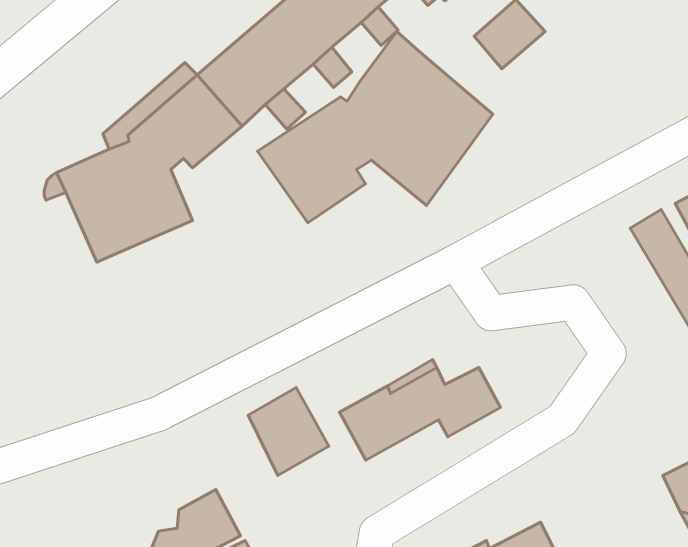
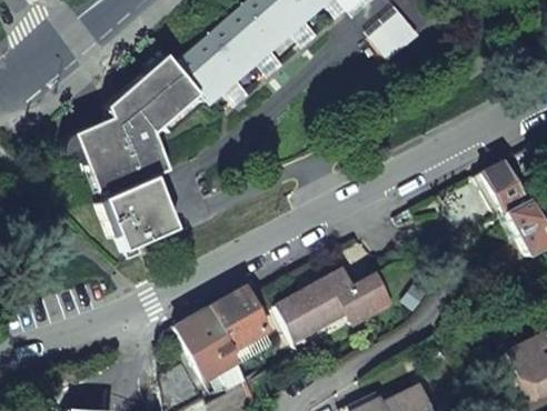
building: [257,32,493,223] -> none
building: none -> [101,176,176,257]
building: none -> [176,308,246,385]

